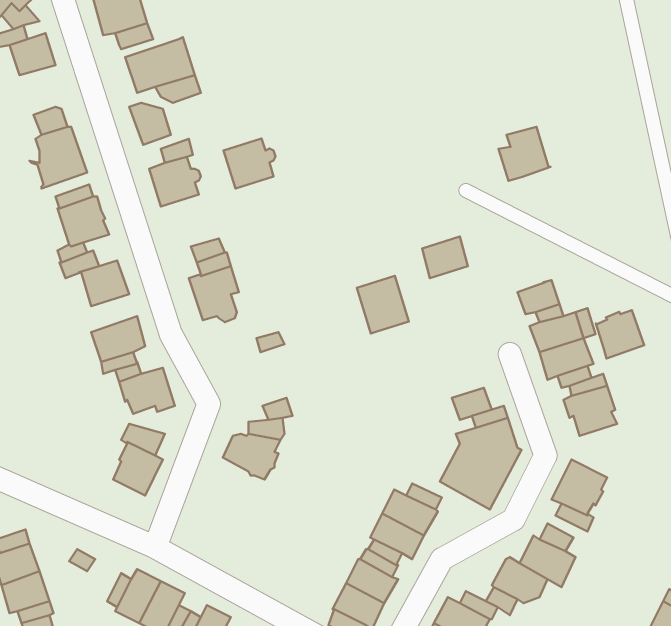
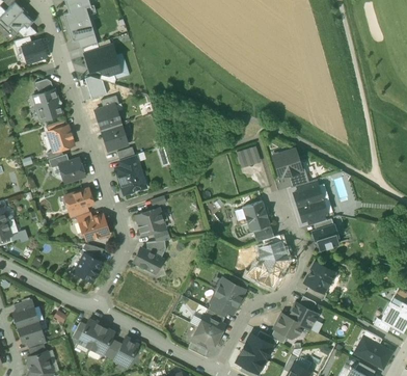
building: [499,127,550,181] -> [274,150,301,178]
building: [224,139,275,188] -> [101,125,128,151]
building: [357,276,409,334] -> [242,202,269,232]
building: [596,310,644,358] -> none
building: none -> [135,208,165,236]

